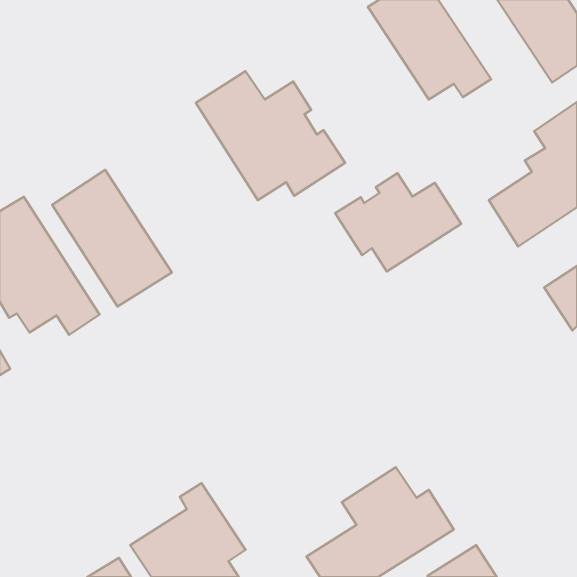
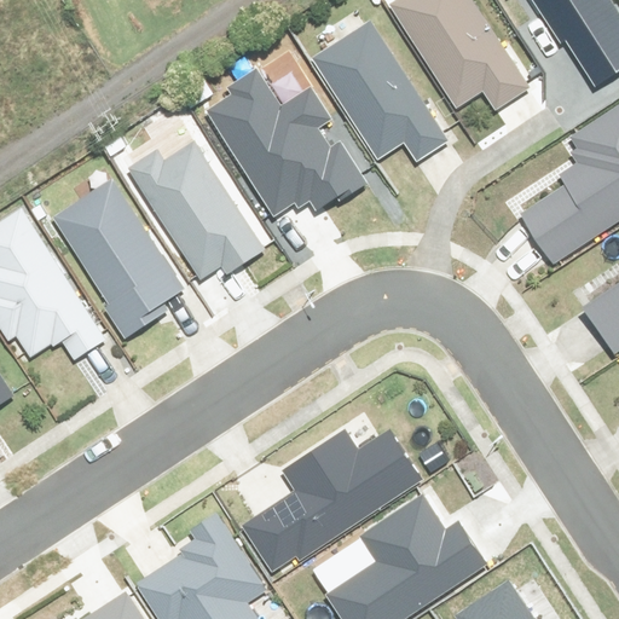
building: none -> [314,24,445,160]
building: none -> [132,146,259,276]
building: [335,173,461,272] -> none
building: none -> [243,433,421,569]

